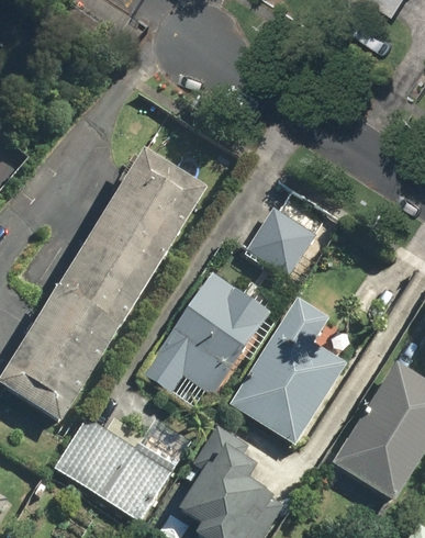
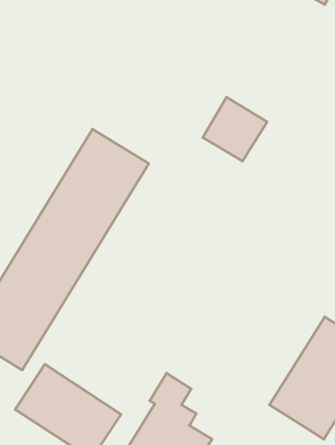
building: [245,204,316,276] -> [203,97,267,161]
building: [143,270,269,394] -> none
building: [228,299,345,445] -> none

